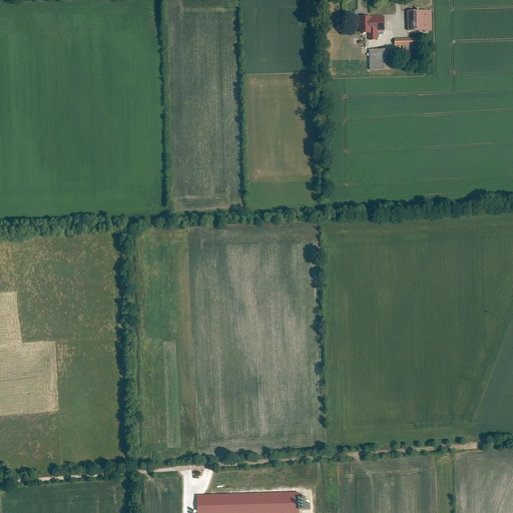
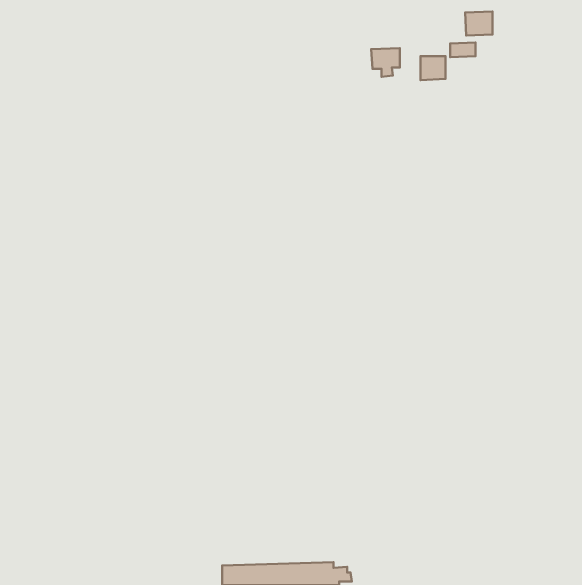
building: [358,15,383,40] -> [371,48,400,77]

